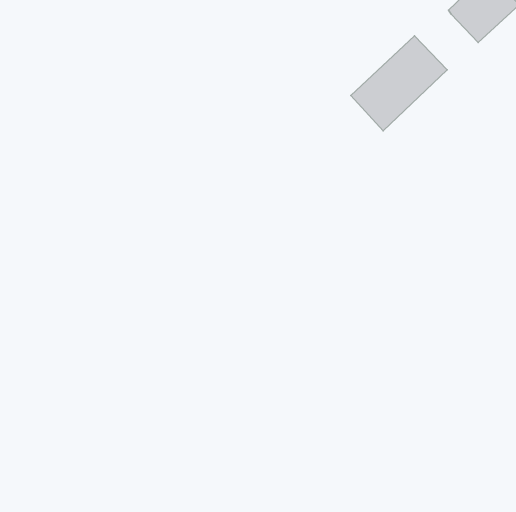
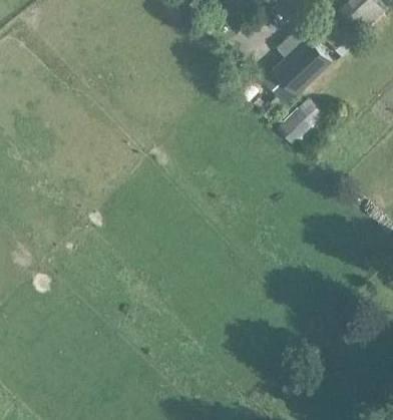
building: none -> [278,96,330,142]

